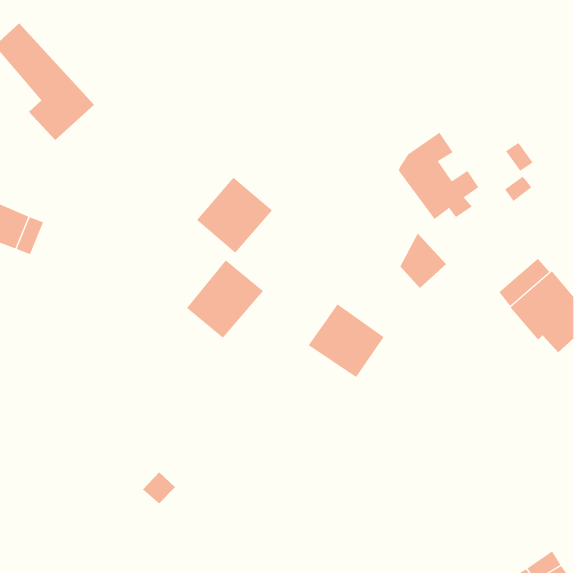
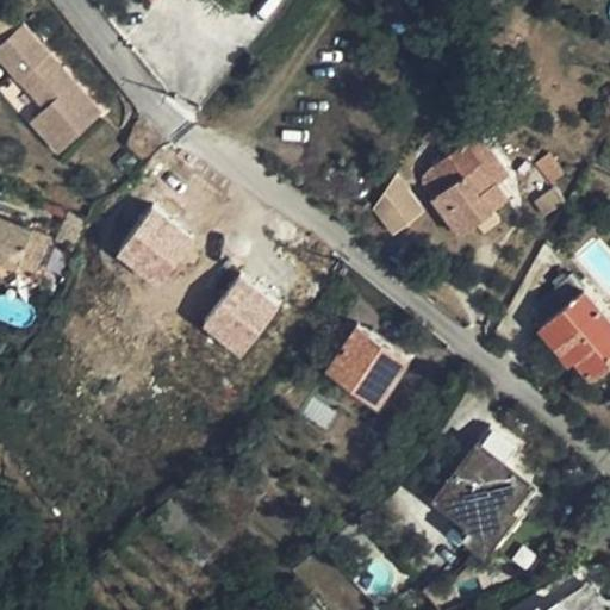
building: [196,177,273,254] -> [113,210,194,291]
building: [399,233,447,289] -> [373,178,423,237]
building: none -> [434,427,530,553]

